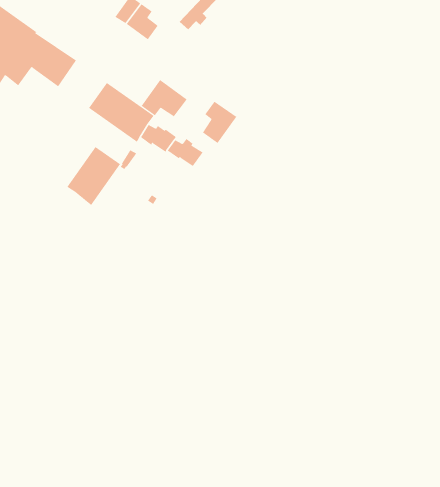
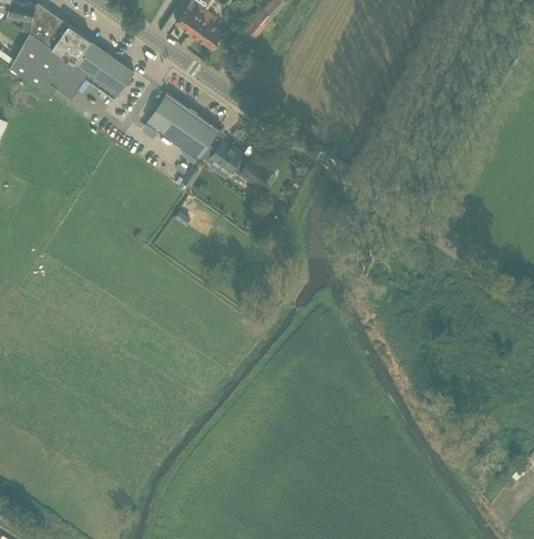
building: [141,79,187,117] -> none
building: [202,101,237,144] -> none
building: [67,146,121,206] -> none

